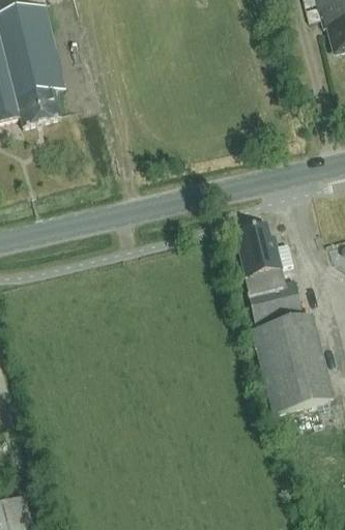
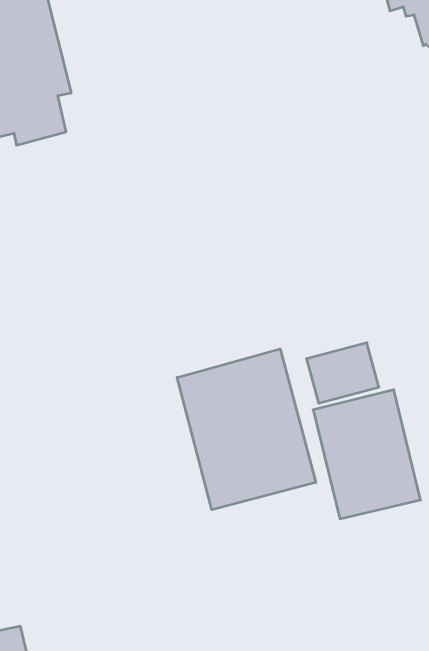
building: [237,225,292,286] -> none
building: none -> [177,349,316,510]

